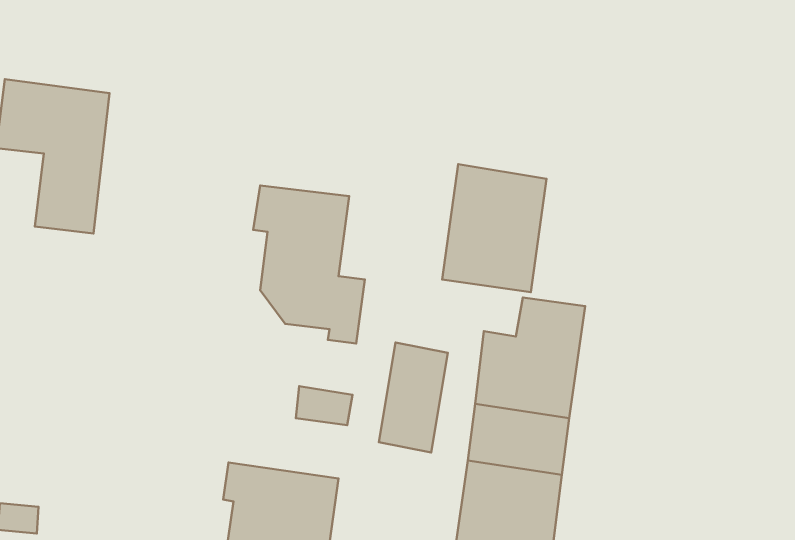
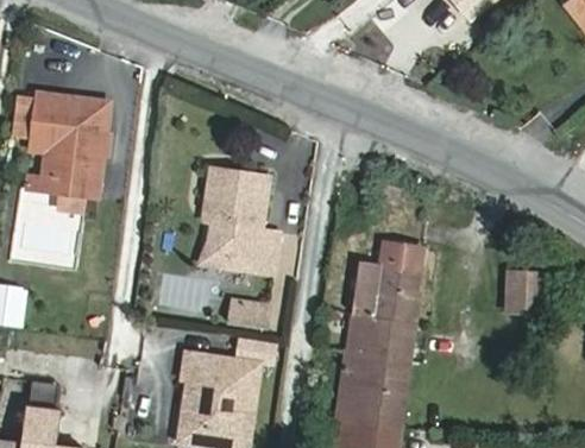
building: [442,164,546,292] -> none
building: [379,343,448,452] -> none
building: none -> [507,273,543,313]

